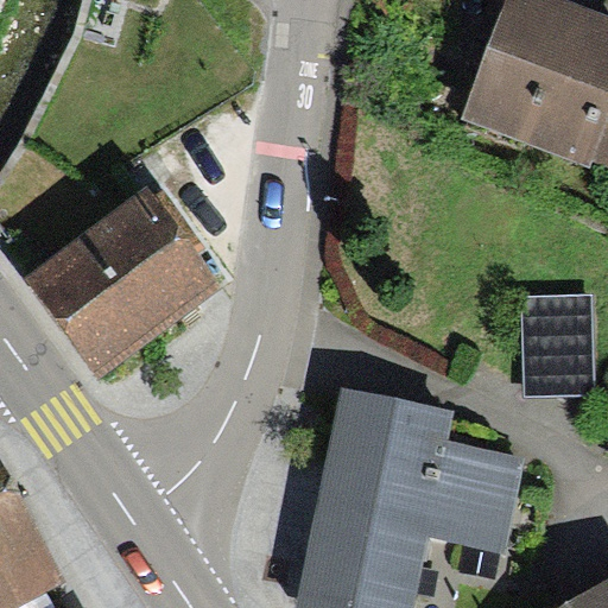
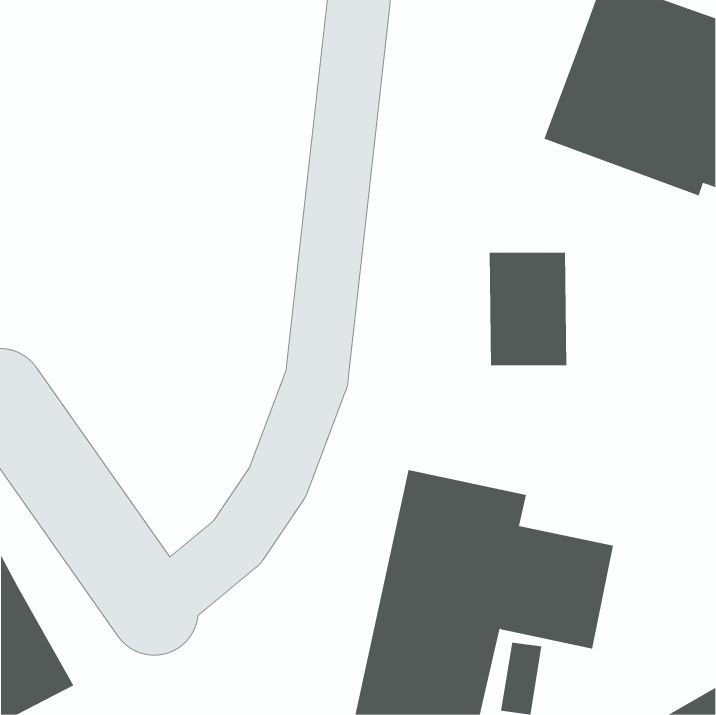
building: [25,188,217,373] -> none
building: [526,302,593,398] -> [489,252,567,366]

